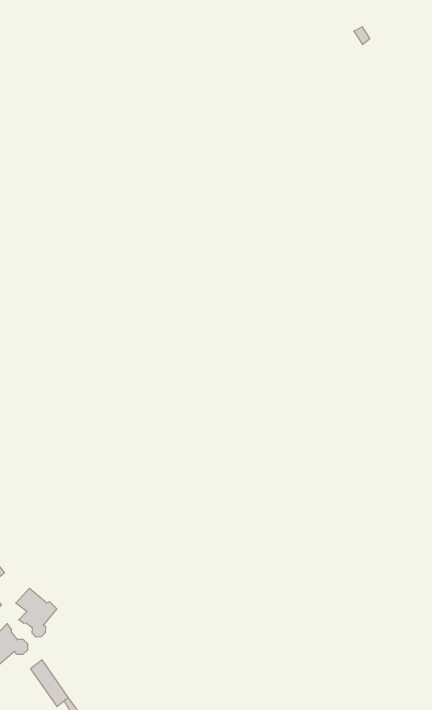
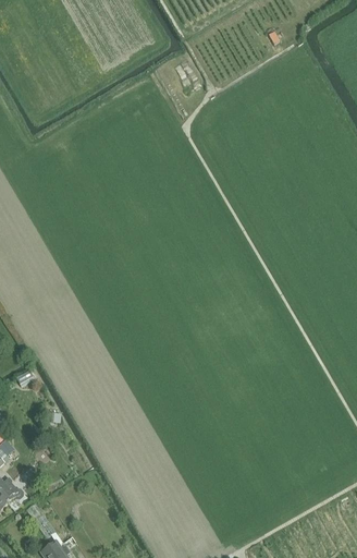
building: [16,588,57,637] -> none

